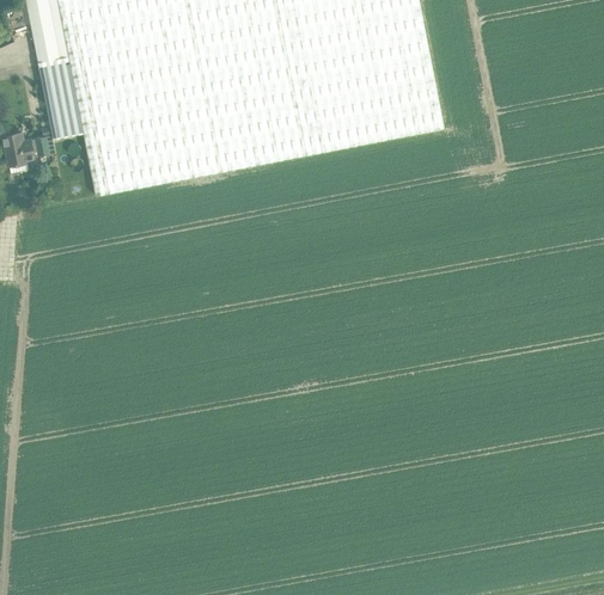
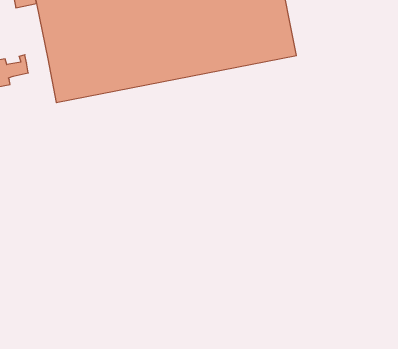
building: [37,51,84,137] -> none

